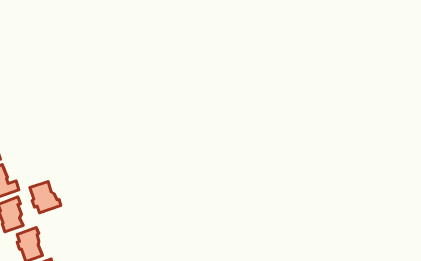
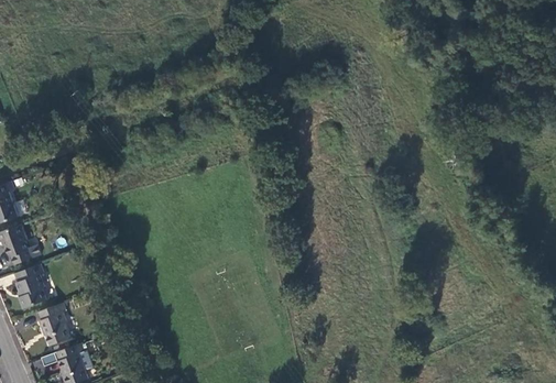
building: [30,181,61,213] -> none

